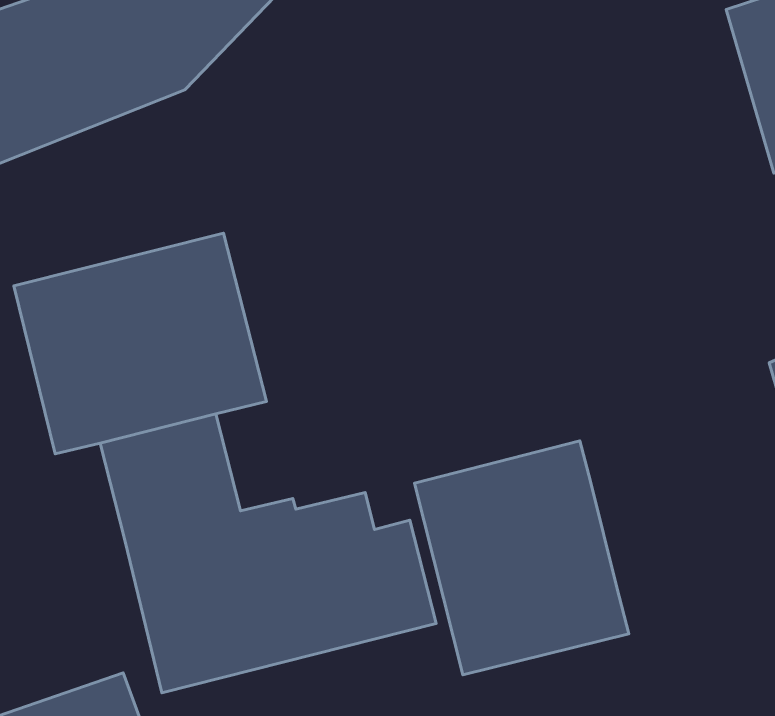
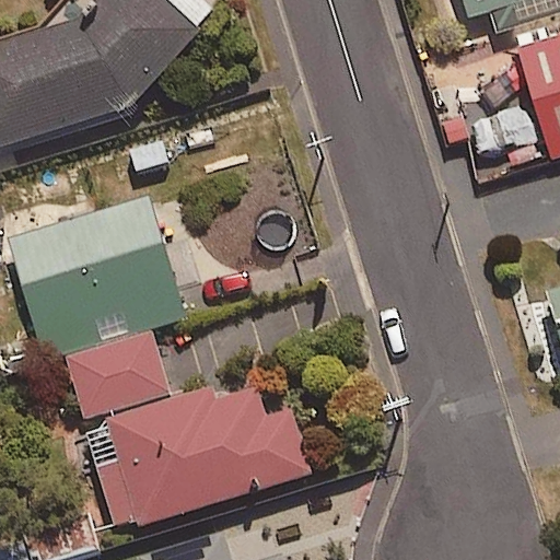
building: [414,441,629,675] -> none

